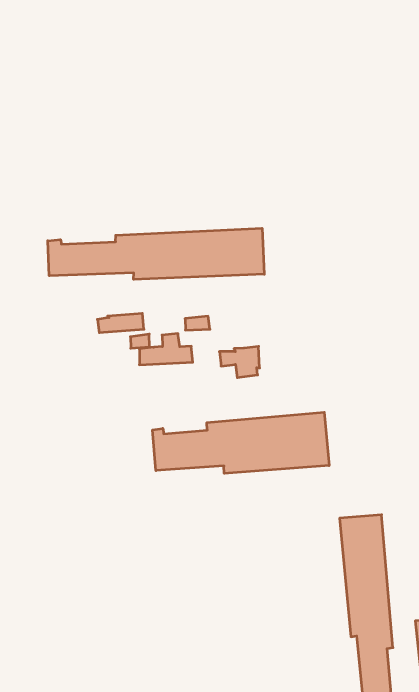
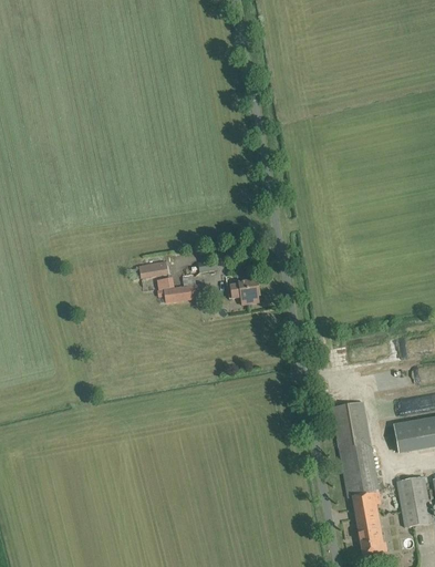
building: [48,228,264,279] -> none
building: [153,412,329,473] -> none

